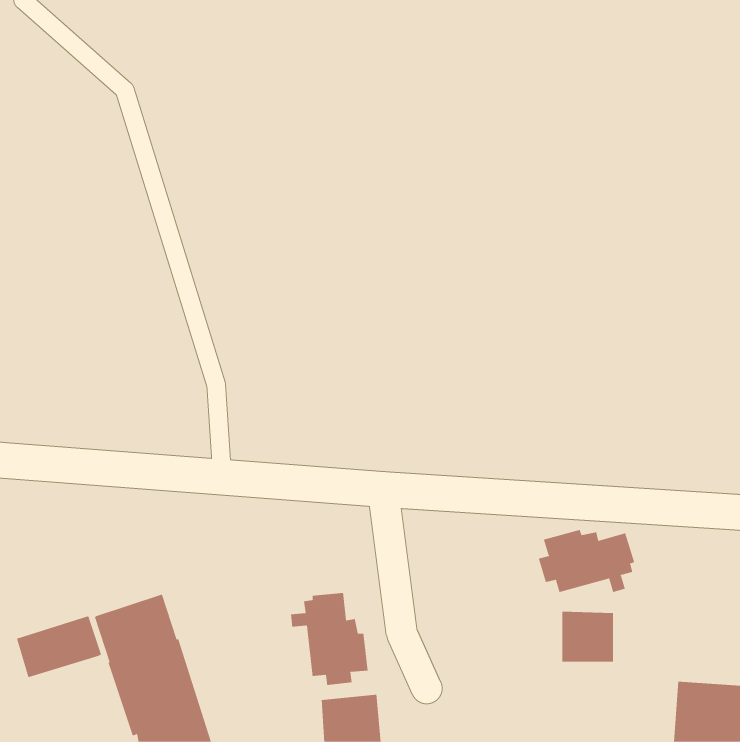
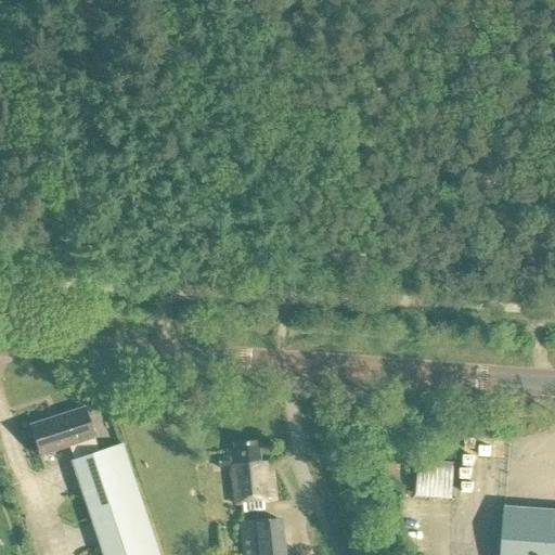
building: [538,529,635,593] -> none
building: [16,615,102,678] -> [33,410,96,456]

